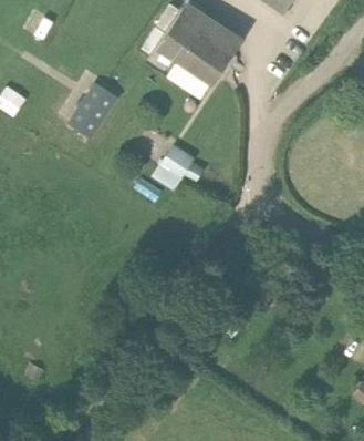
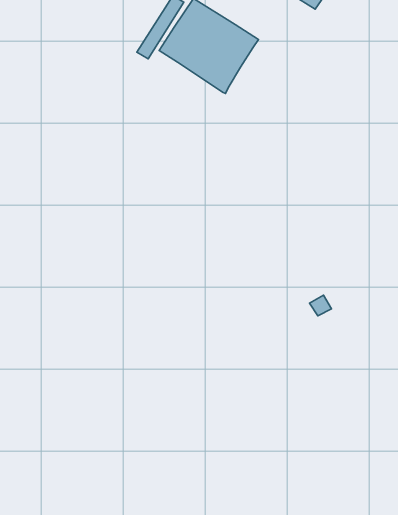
building: [69,83,118,139] -> none
building: [154,146,202,191] -> none

